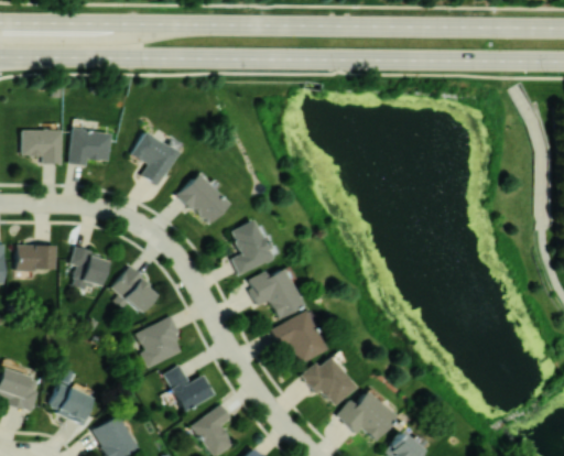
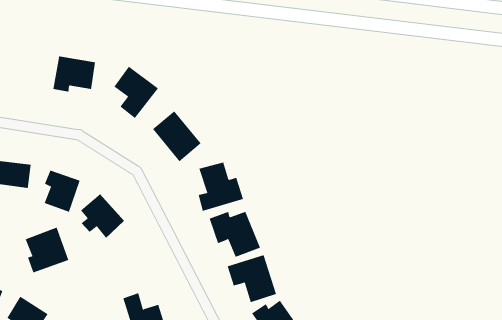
building: [22,129,63,164] -> none
building: [138,316,186,367] -> [25,227,69,273]

